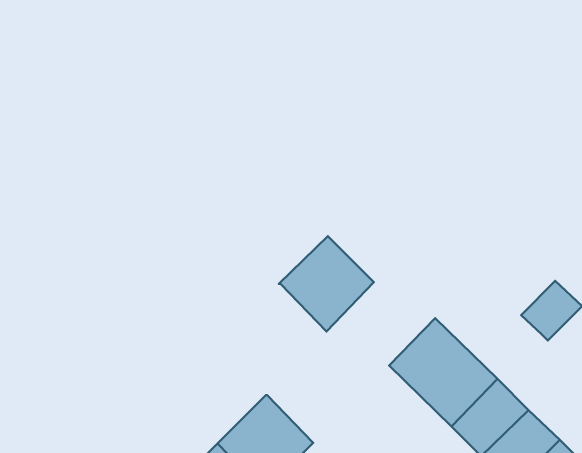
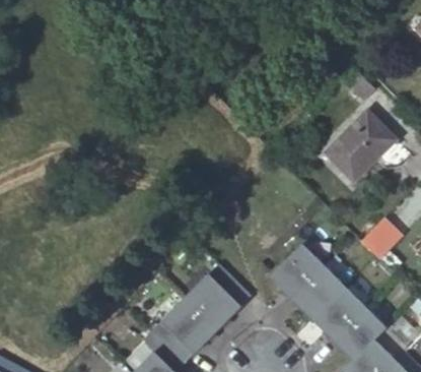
building: none -> [325,111,395,182]
building: [279,236,374,331] -> [186,264,251,329]

